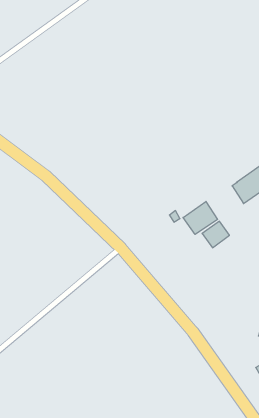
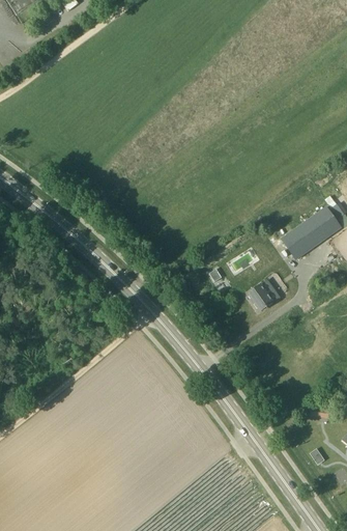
building: [183,201,218,234] -> none

